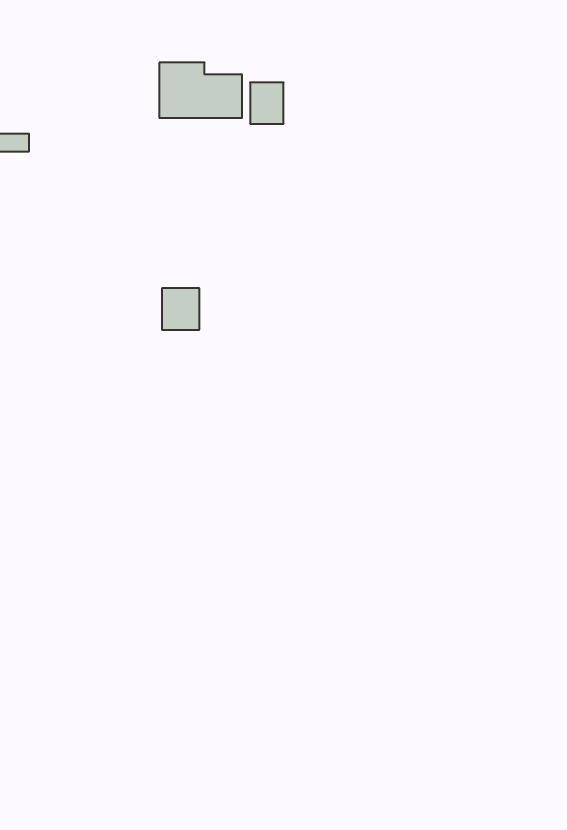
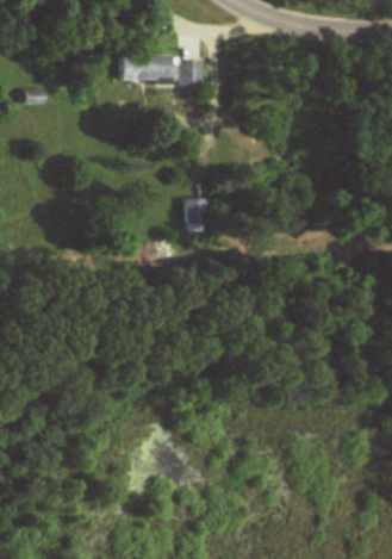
building: [162,288,199,330] -> [185,199,207,224]

